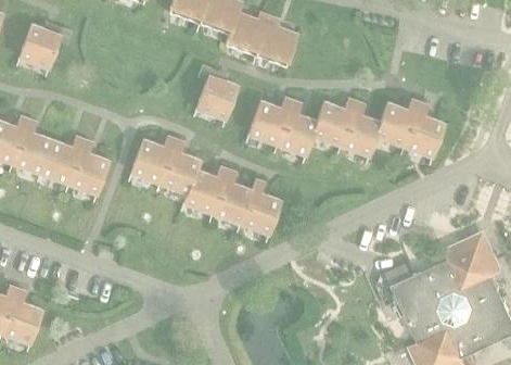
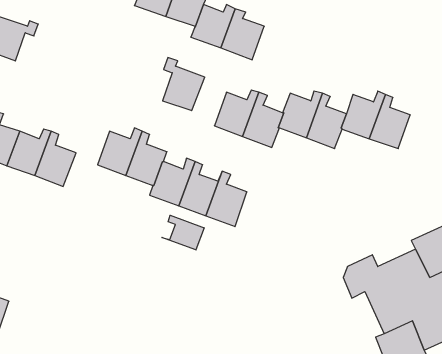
building: none -> [162,215,204,250]

